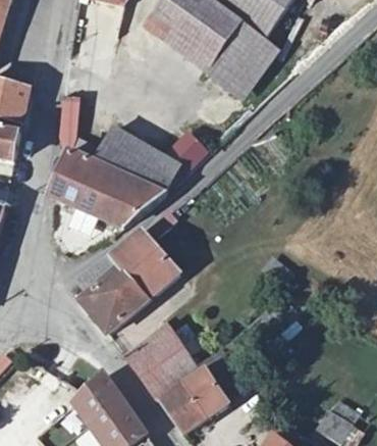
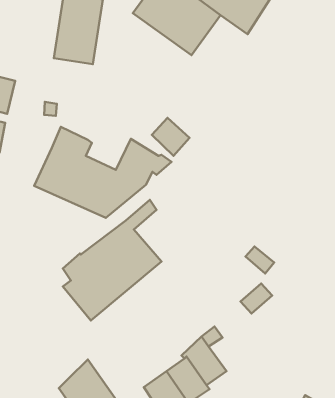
building: [204,20,267,90] -> none
building: [102,128,148,179] -> none
building: [126,327,198,397] -> none

